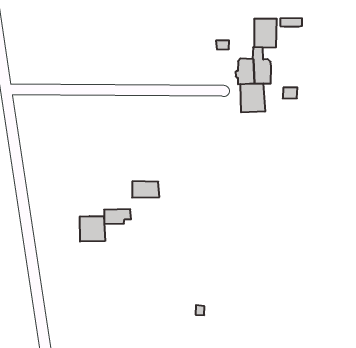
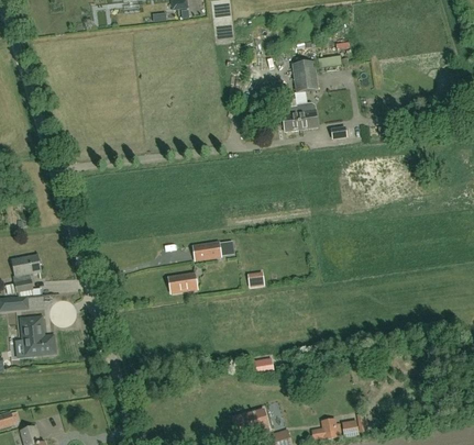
building: [240,83,265,112] -> none
building: [80,216,105,242] -> none

